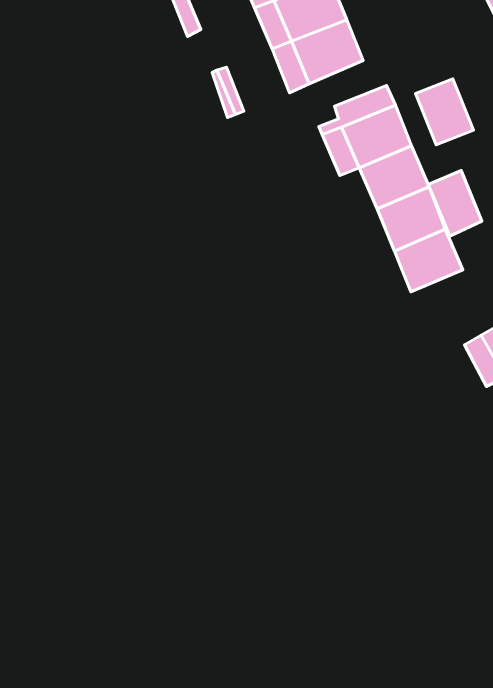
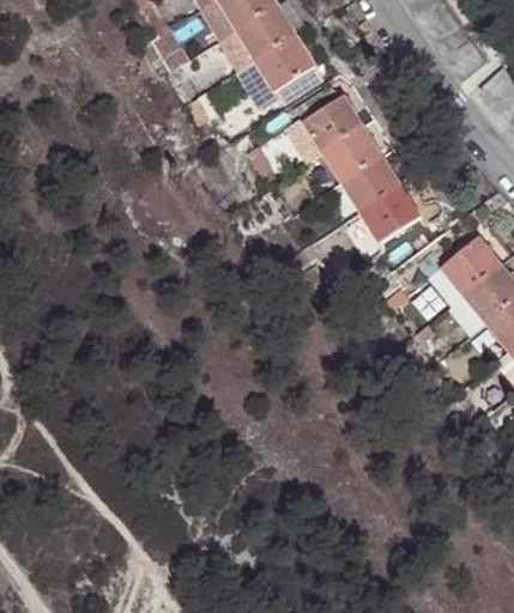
building: [416,79,474,145] -> none
building: [428,170,482,236] -> none

